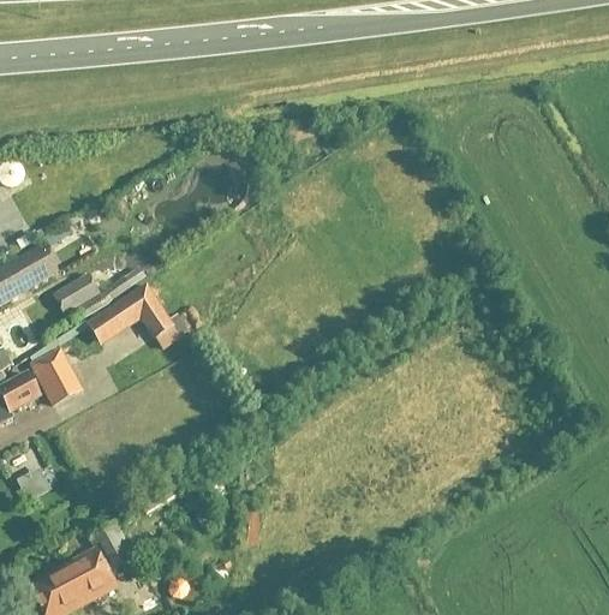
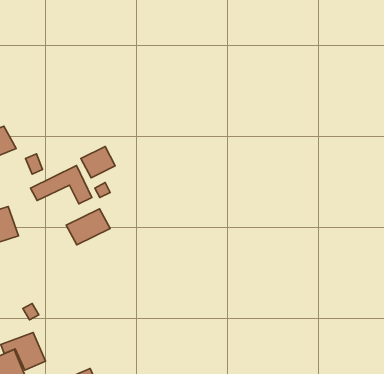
building: none -> [81,147,115,178]
building: none -> [66,209,110,245]

